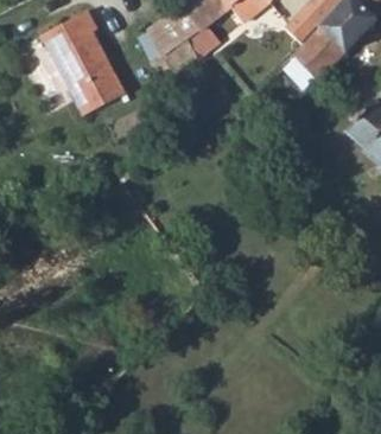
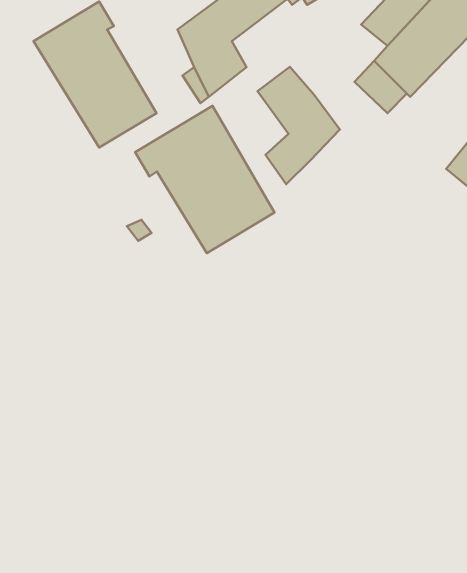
building: none -> [258,67,340,184]
building: none -> [135,106,274,253]

